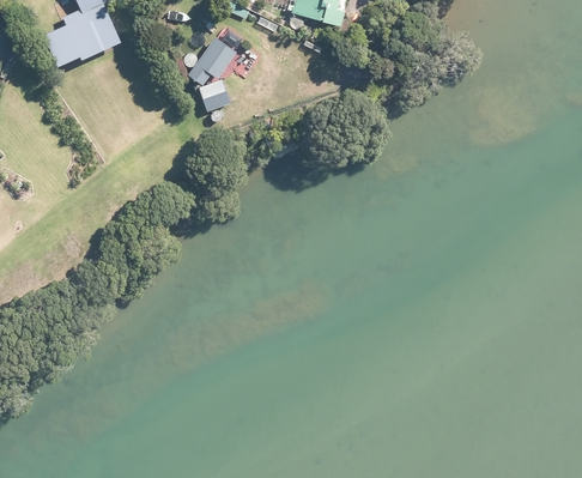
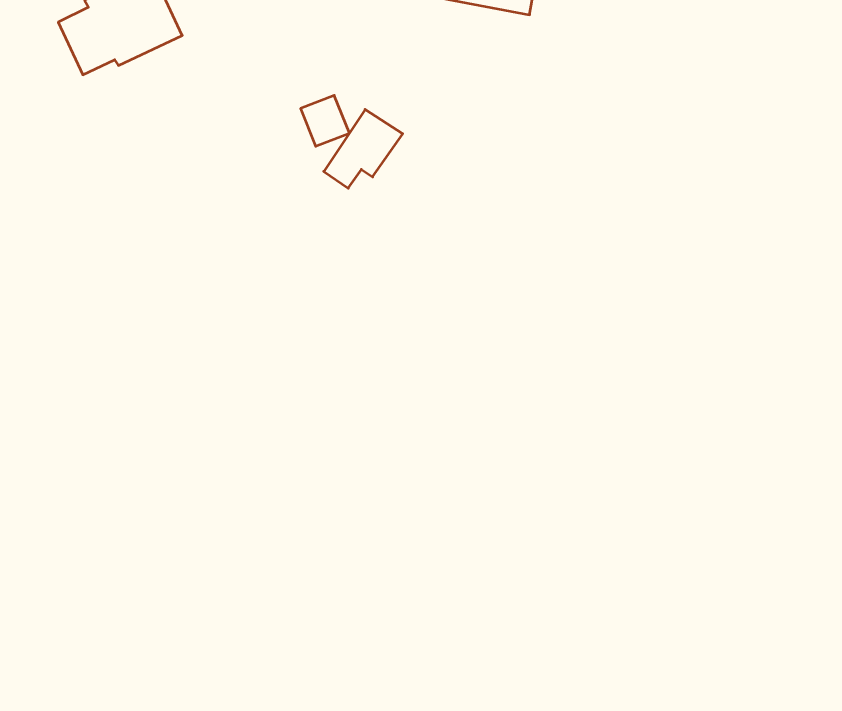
building: [188,34,238,84] -> [324,109,403,188]

